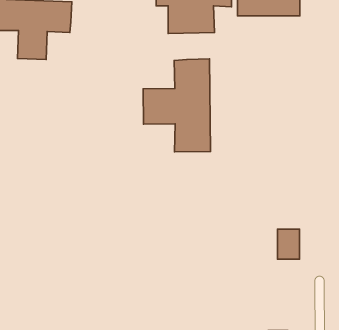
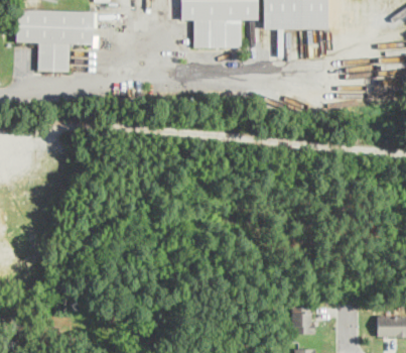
building: [143,59,211,152] -> none
building: [278,229,299,259] -> [291,304,313,334]

